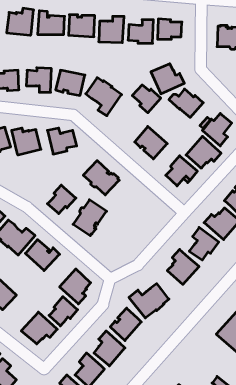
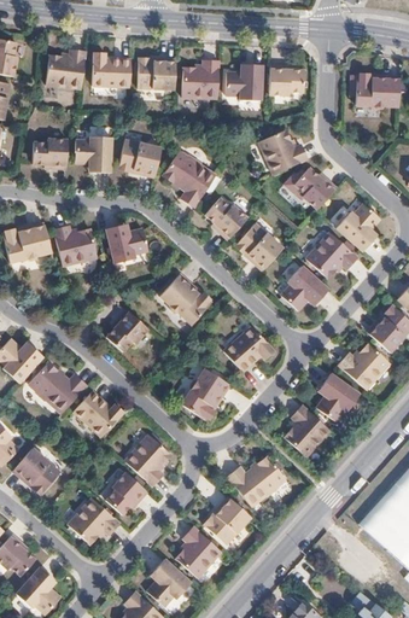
building: [132,85,161,113] -> [205,198,247,239]
building: none -> [223,325,274,371]
building: [73,200,107,236] -> [180,368,229,421]

